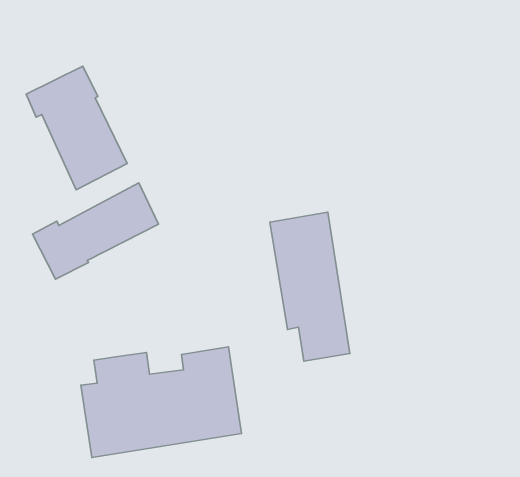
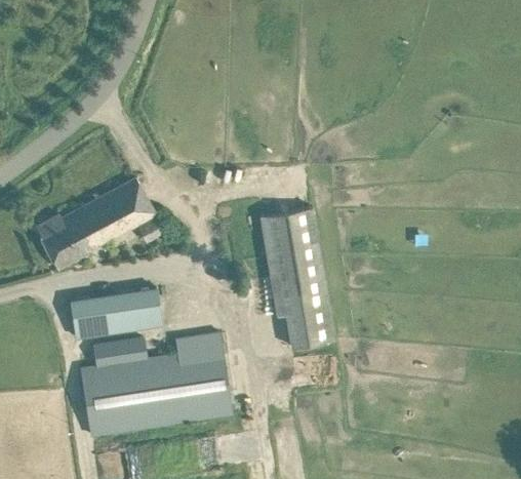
building: [26,66,127,190] -> none
building: none -> [71,289,161,338]

